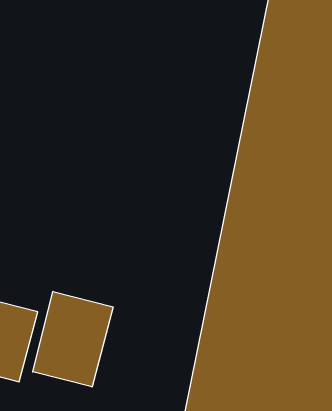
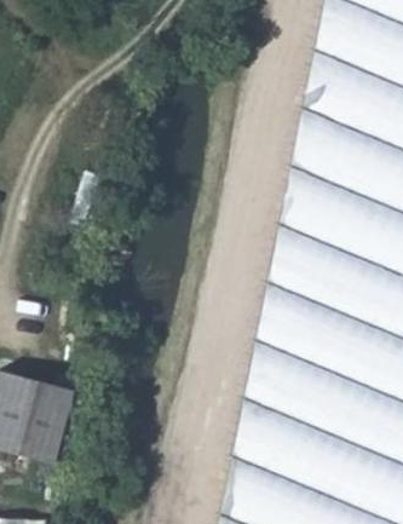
building: [33,291,113,387] -> none

